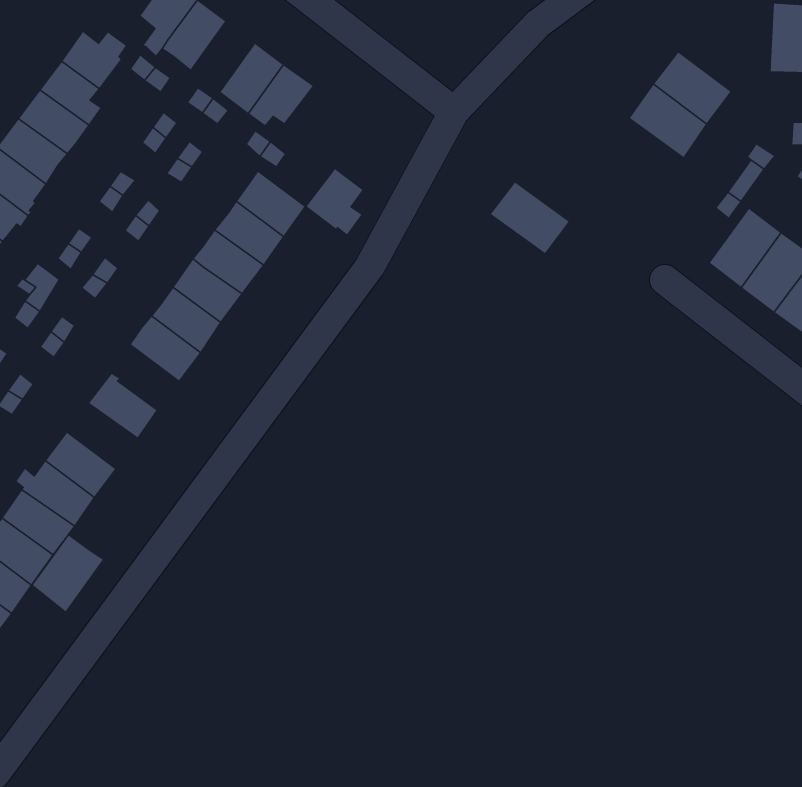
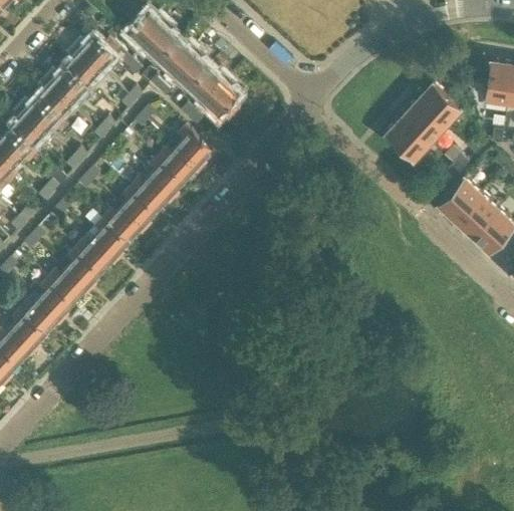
building: none -> [154,38,192,78]
building: [305,168,363,235] -> [204,80,238,119]
building: [490,182,570,254] -> [384,117,430,161]
building: none -> [93,217,128,256]
building: none -> [61,248,101,287]
building: [32,534,104,612] -> none

